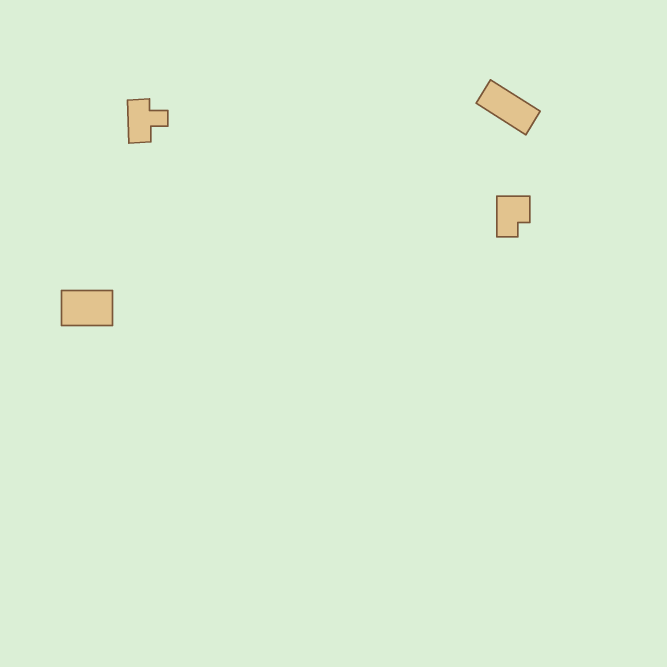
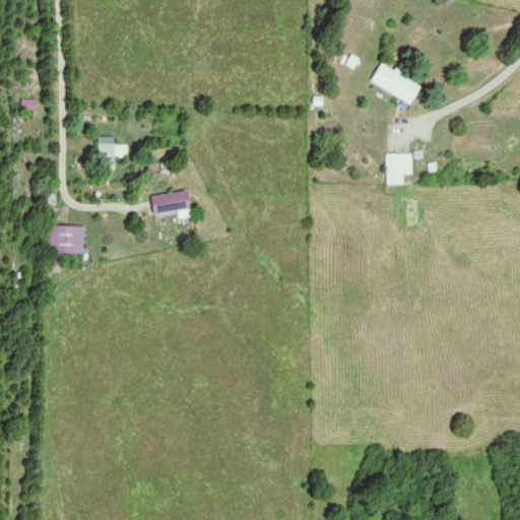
building: [127,99,168,143] -> [98,135,129,170]
building: none -> [151,189,192,219]

